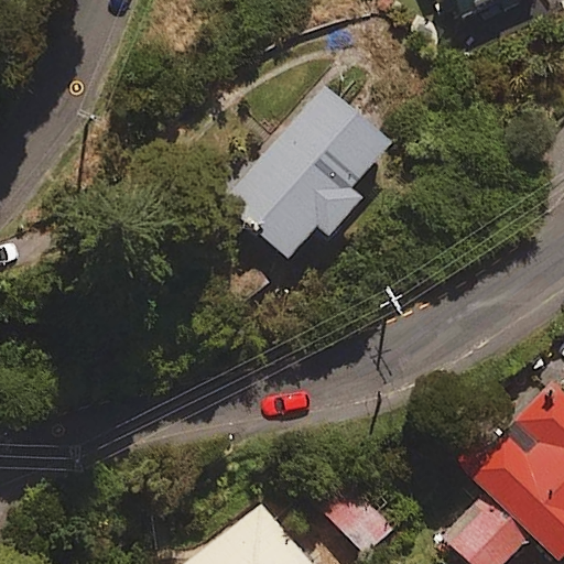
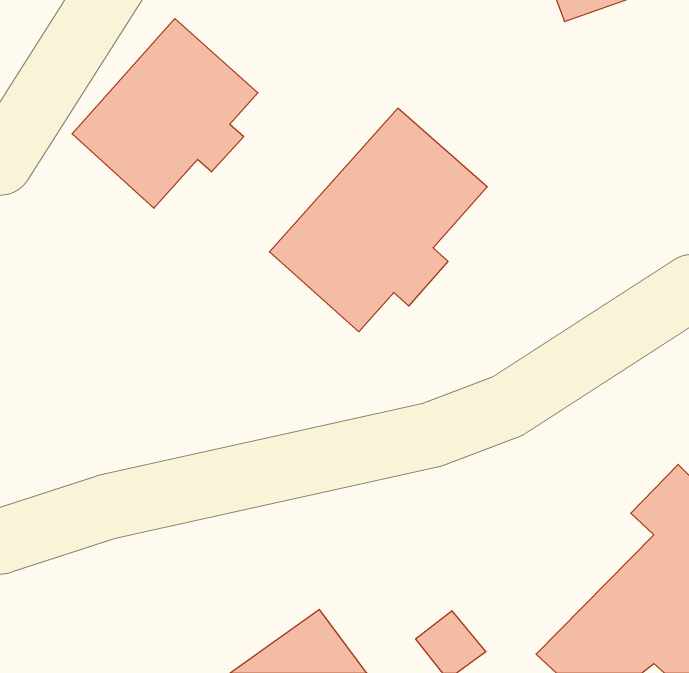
building: none -> [72,19,258,208]

